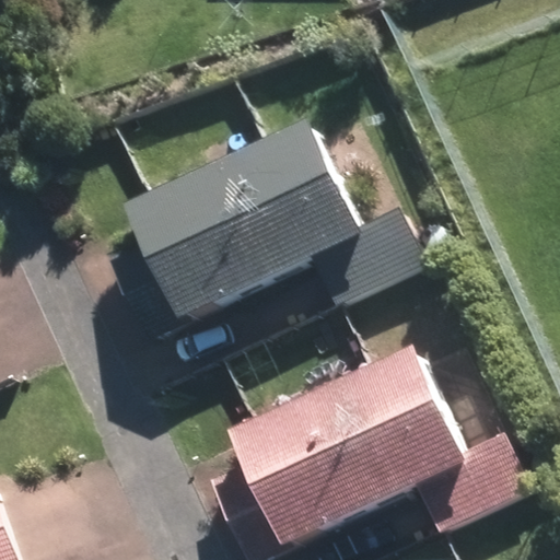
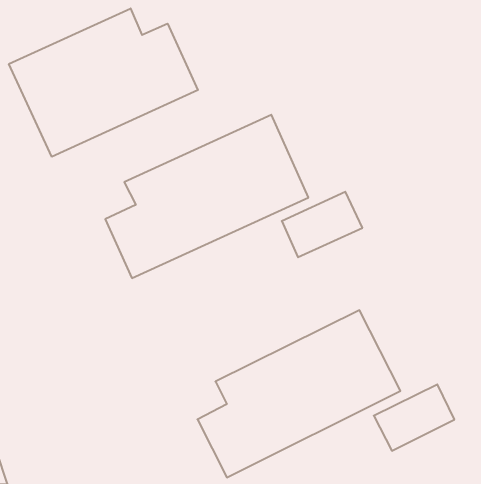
building: none -> [9,8,198,157]

